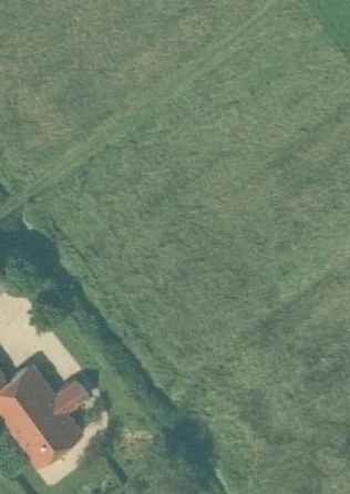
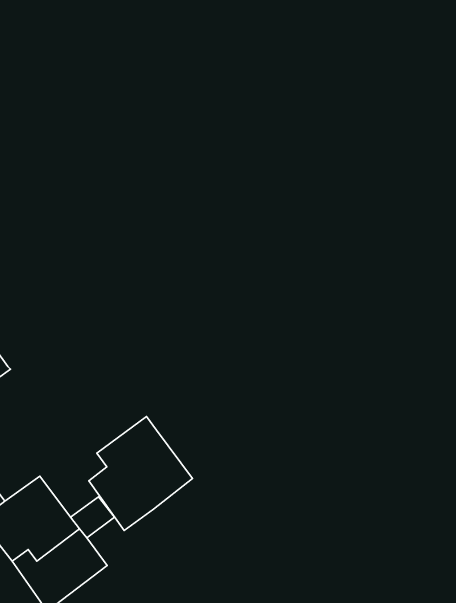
building: none -> [89,416,192,531]

